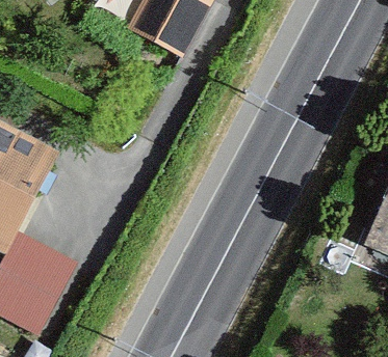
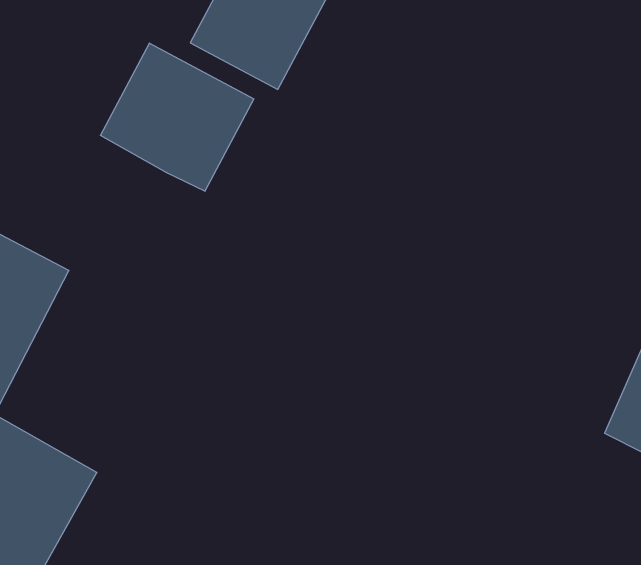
building: none -> [100,43,254,191]

